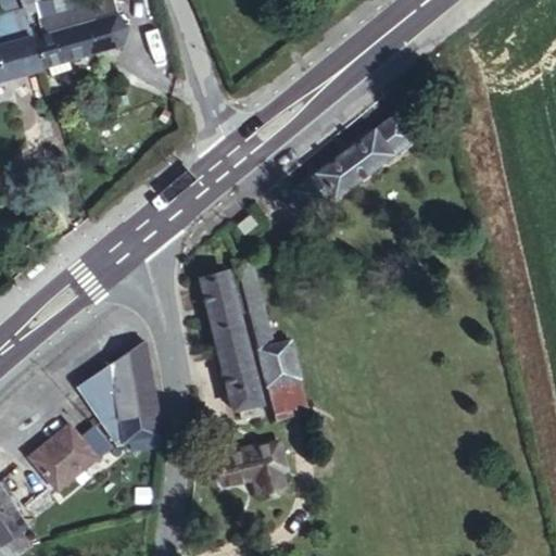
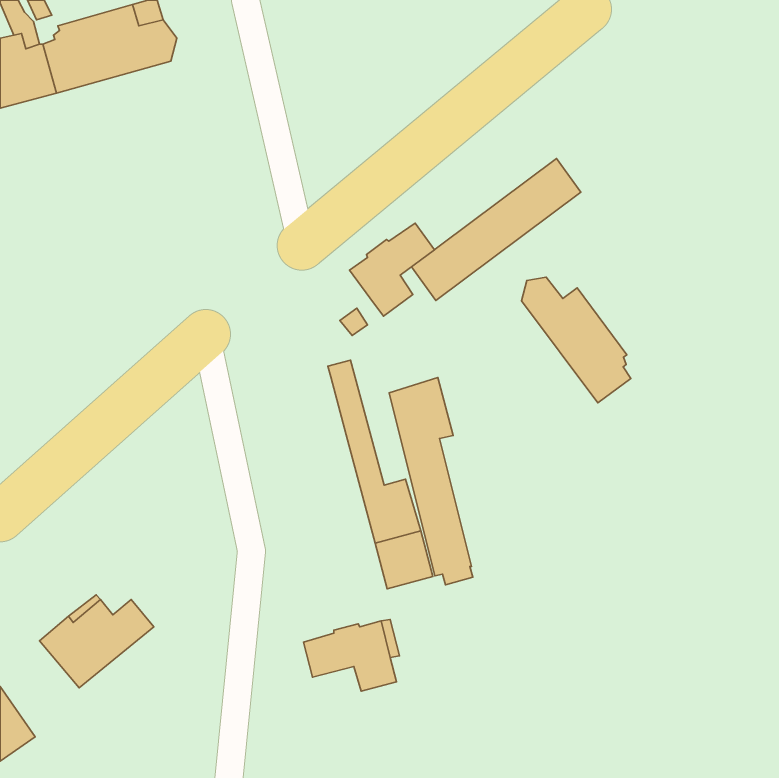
building: none -> [349,223,434,316]
building: none -> [521,277,631,403]
building: [201,269,261,417] -> [389,377,473,585]
building: [80,342,160,446] -> none

